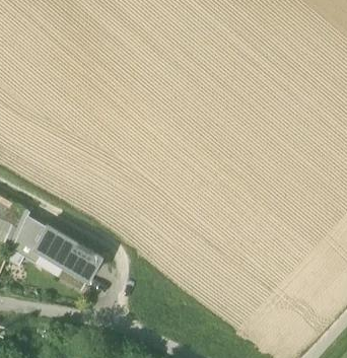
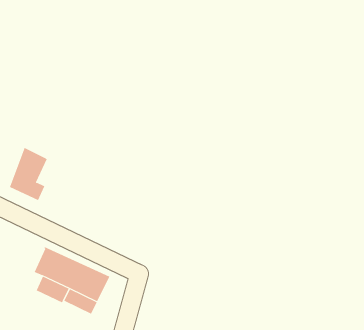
building: [11,214,47,262] -> [9,147,47,201]

